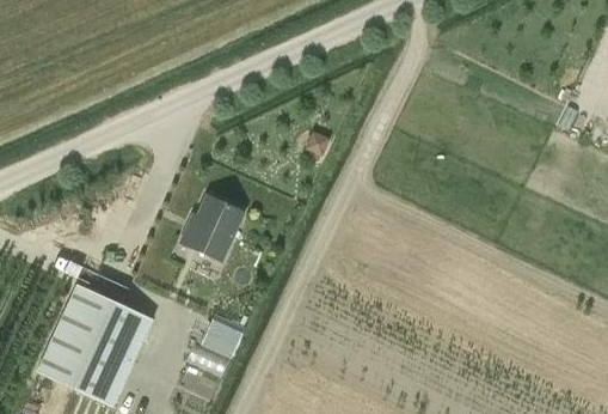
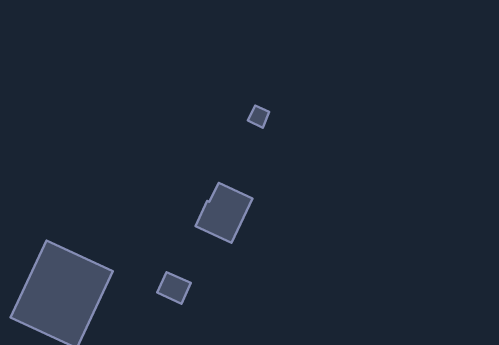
building: [180,193,245,261] -> [196,183,253,243]

